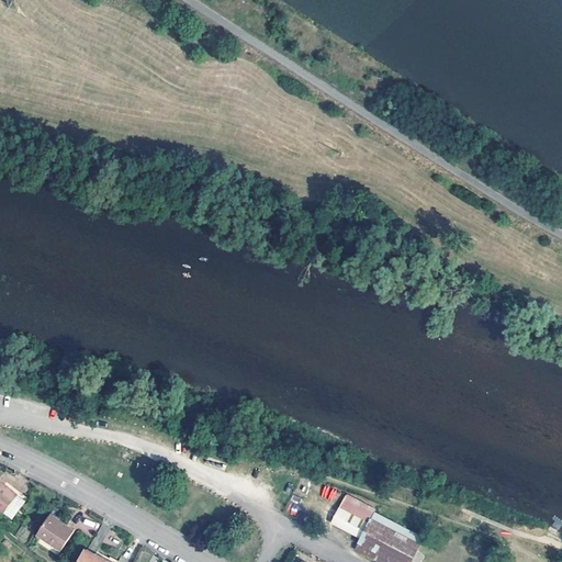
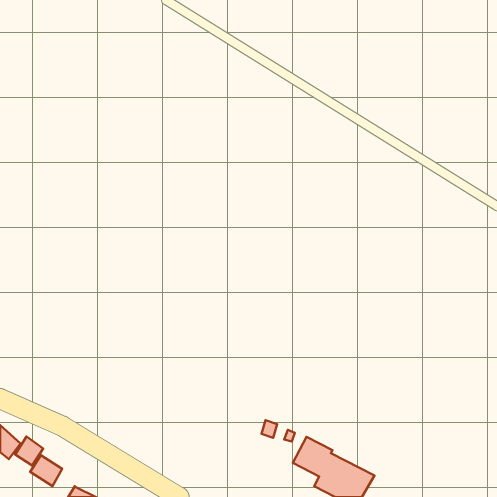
building: none -> [15,436,43,465]

